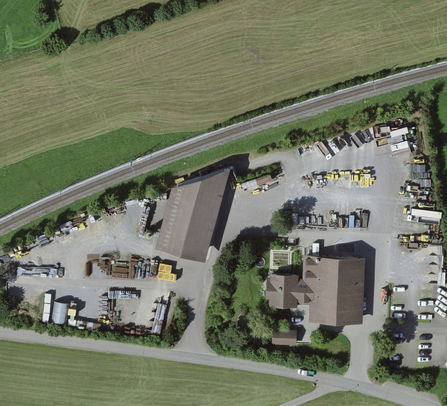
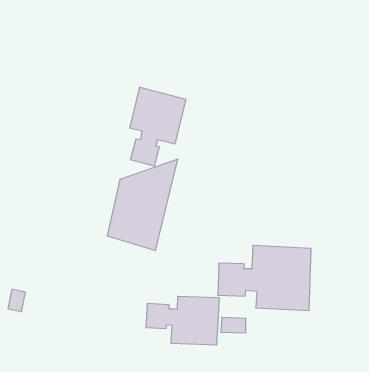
building: none -> [130,87,186,166]
building: none -> [146,296,219,345]

